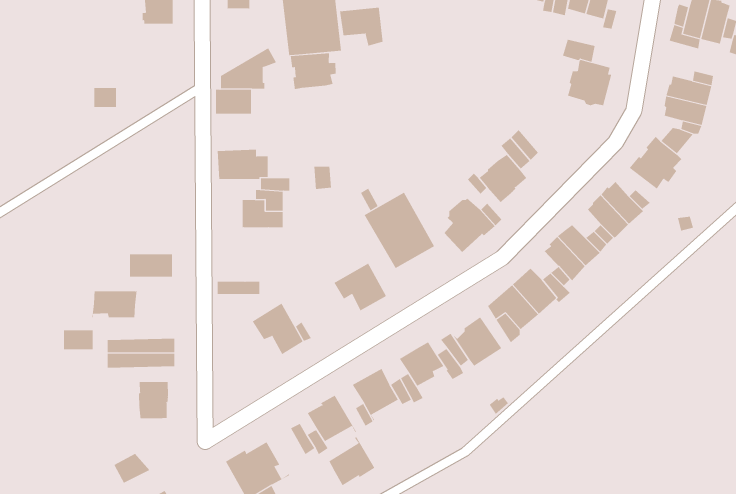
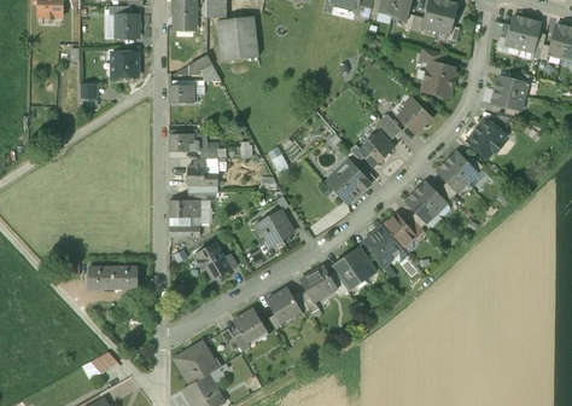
building: [339,7,383,47] -> none
building: none -> [111,52,138,80]
building: [290,52,336,90] -> none
building: none -> [398,102,431,133]
building: [364,192,435,269] -> none
building: [129,254,173,277] -> [169,198,200,215]
building: [92,290,137,318] -> none
building: [138,381,168,419] -> none
building: [325,437,375,486] -> none

